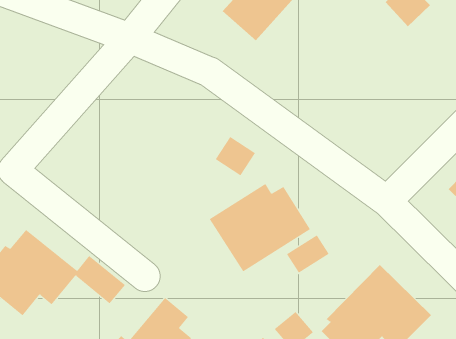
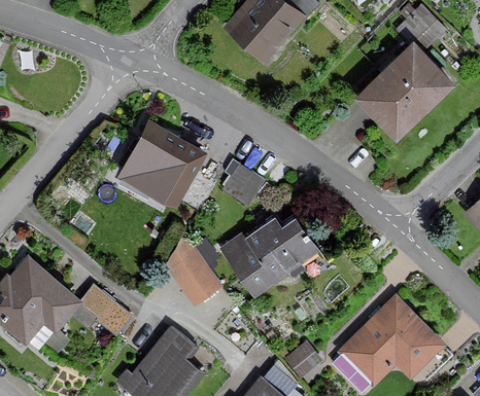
building: none -> [354,42,457,145]
building: none -> [126,120,208,206]
building: none -> [166,239,222,307]
building: [286,234,329,274] -> none

